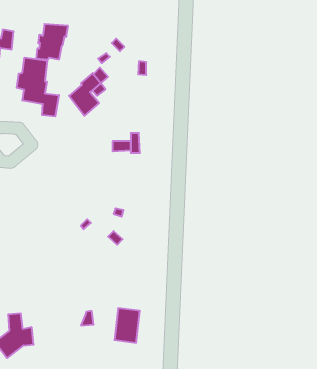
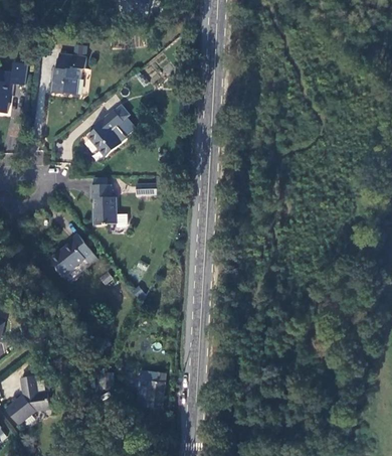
building: [17,58,59,116] -> none
building: none -> [91,185,127,227]
building: none -> [50,234,96,275]

